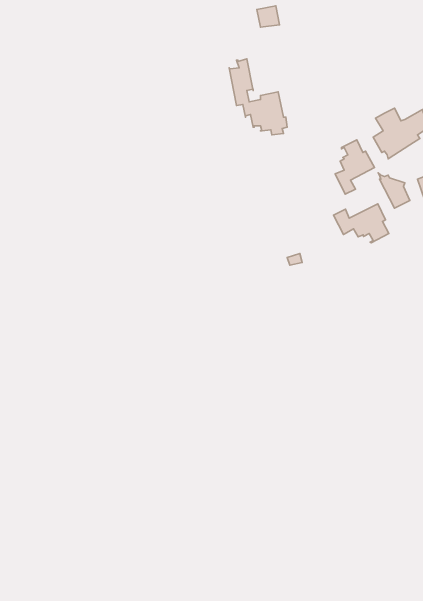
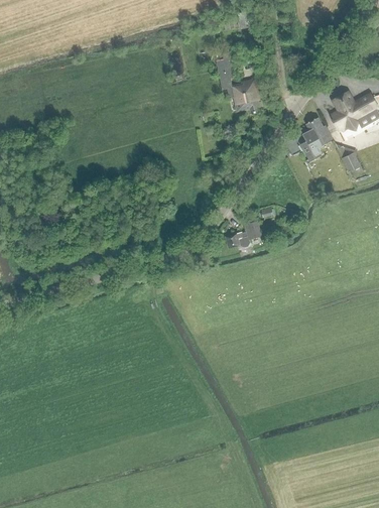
building: [334,204,389,243] -> none
building: none -> [226,221,261,247]

